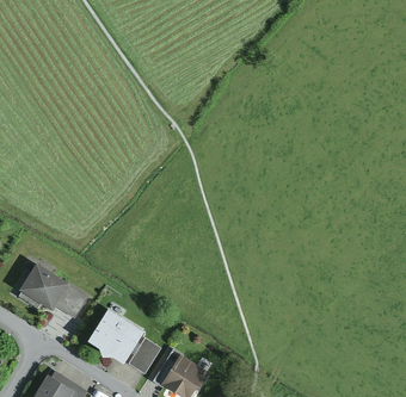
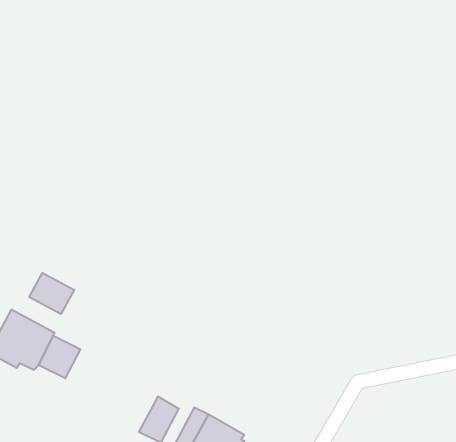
building: none -> [29,273,74,314]
building: [87,310,144,366] -> none

